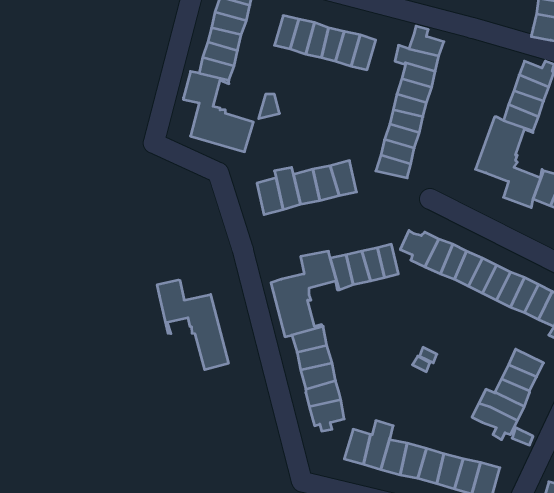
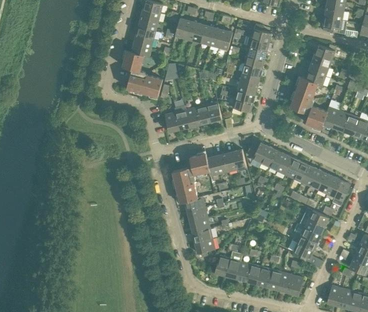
building: [157,280,228,370] -> none

